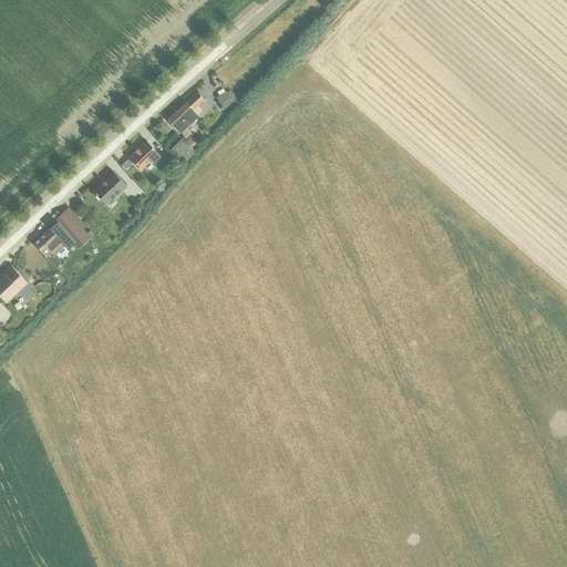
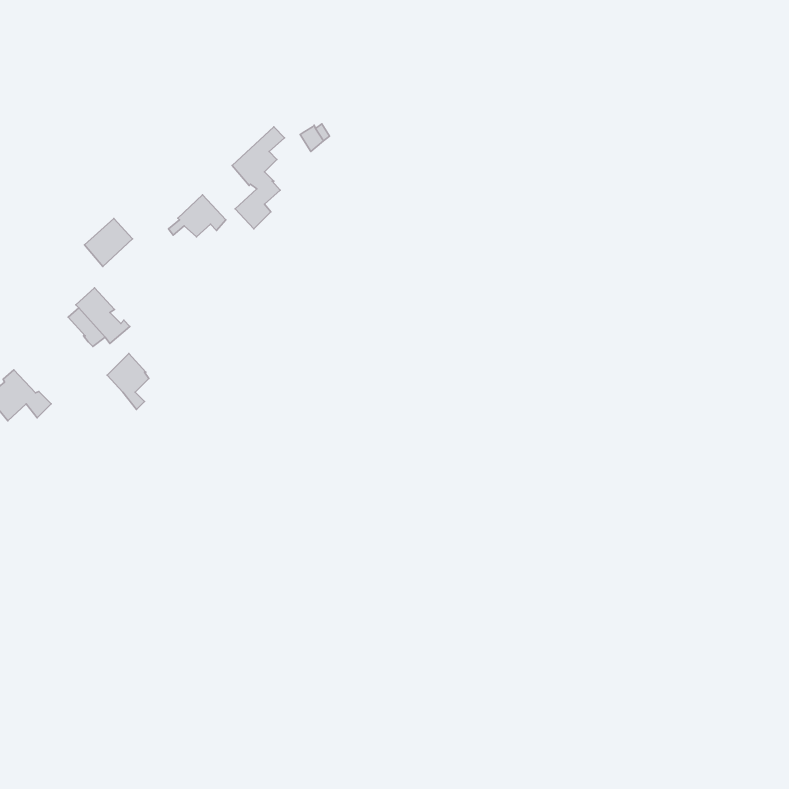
building: [92,171,126,205] -> [84,219,132,267]
building: [33,227,63,267] -> [107,354,149,409]

